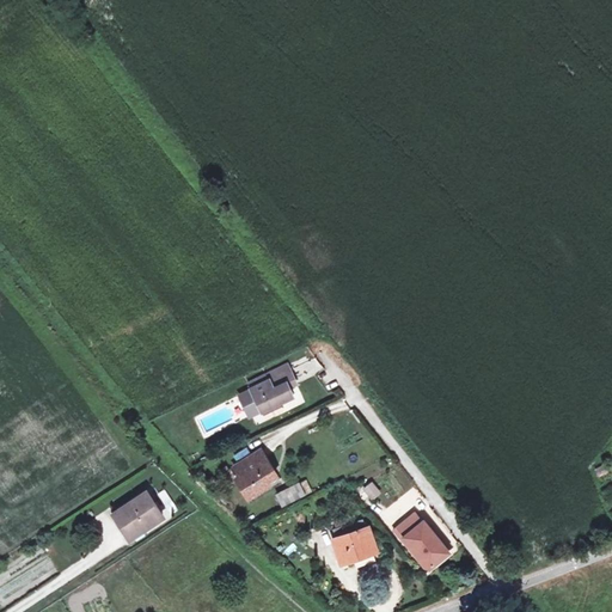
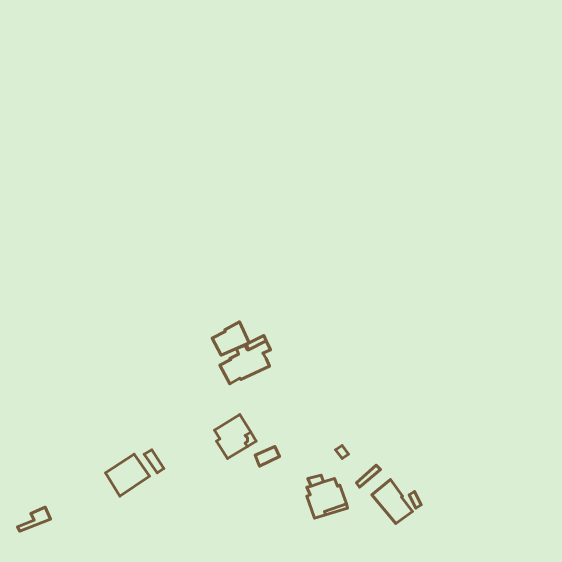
building: none -> [212,322,249,355]
building: [394,512,430,573] -> none

